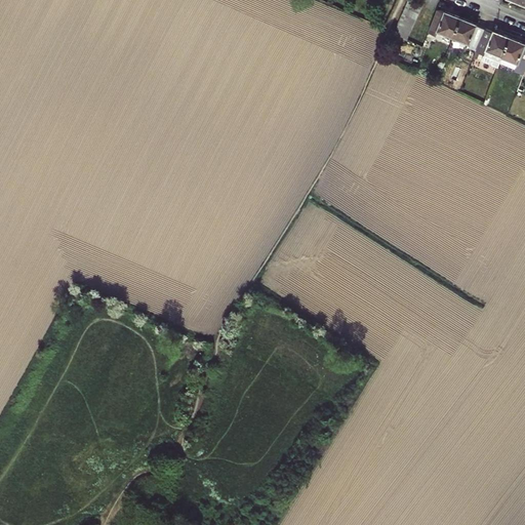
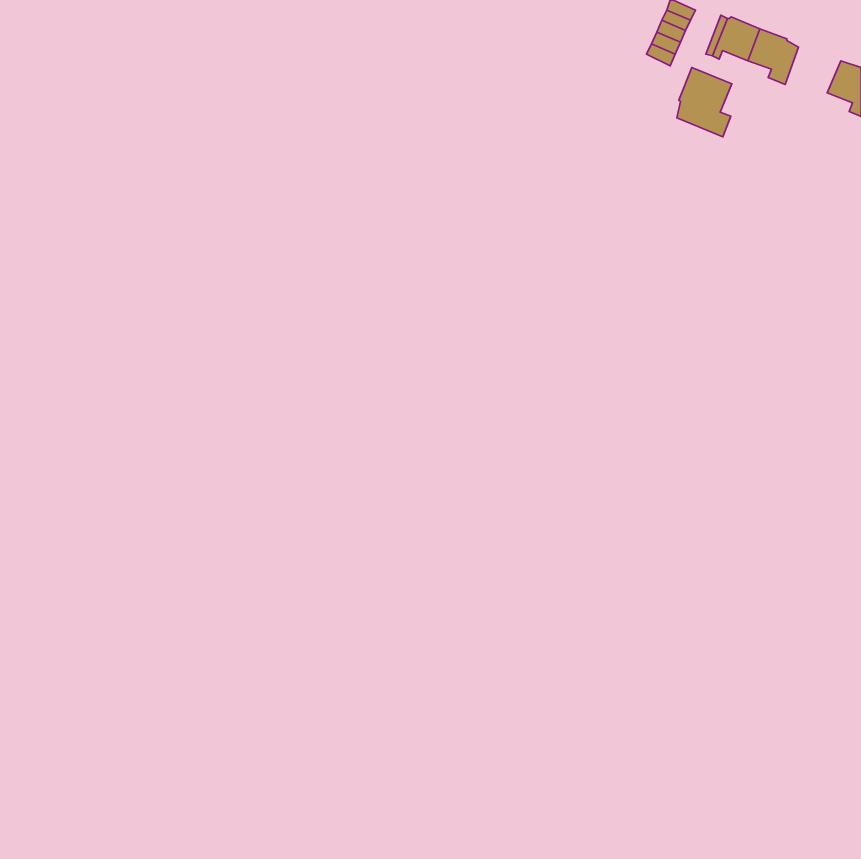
building: [477,31,511,64] -> none
building: none -> [677,68,732,137]

